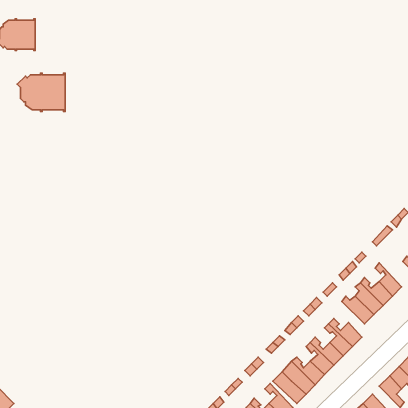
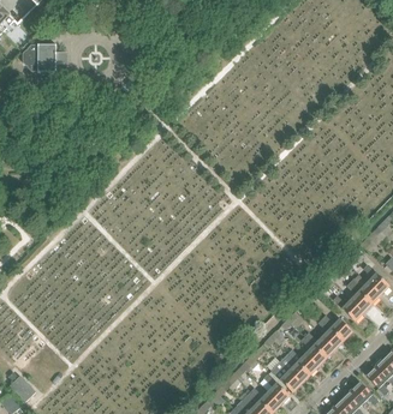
building: [17,73,65,111] -> none

